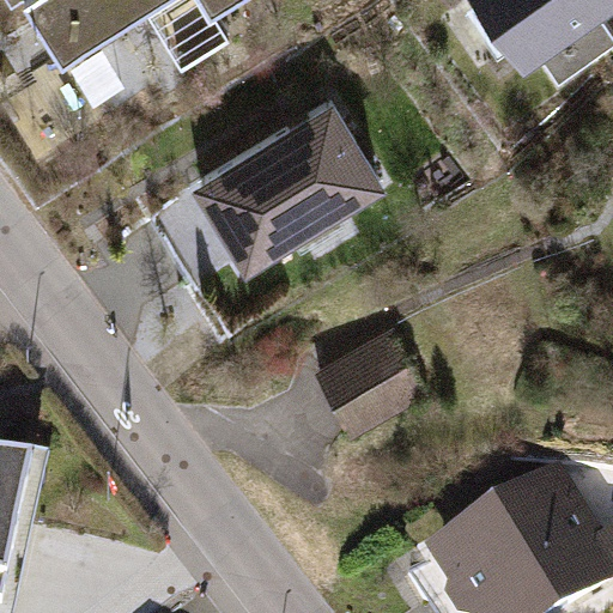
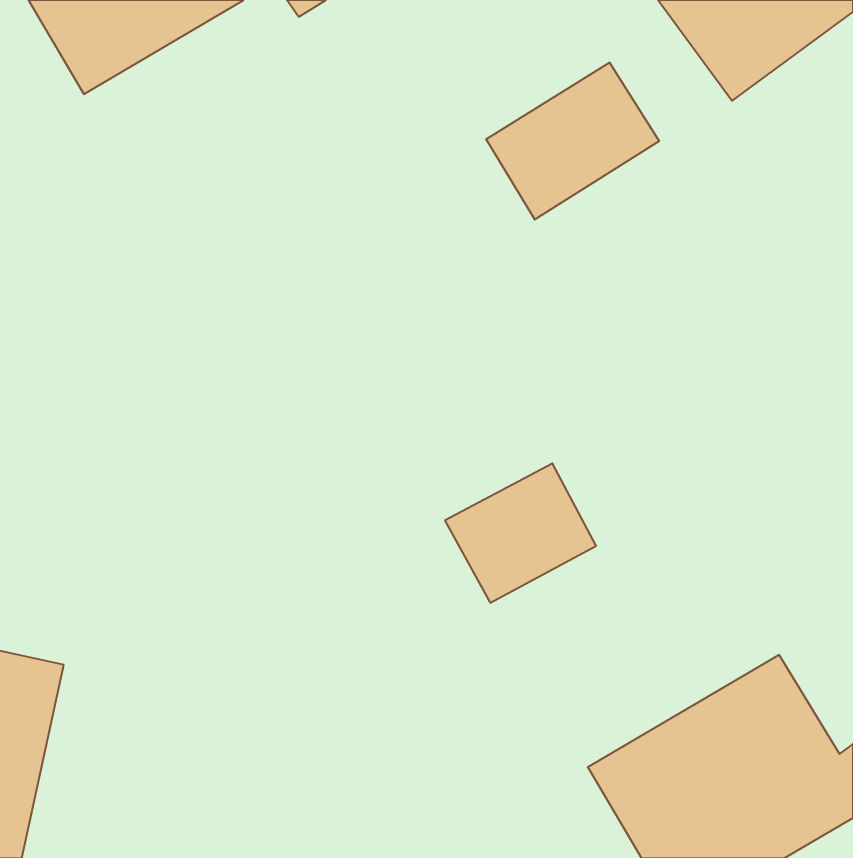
building: none -> [486,62,659,220]
building: [186,98,381,273] -> none

